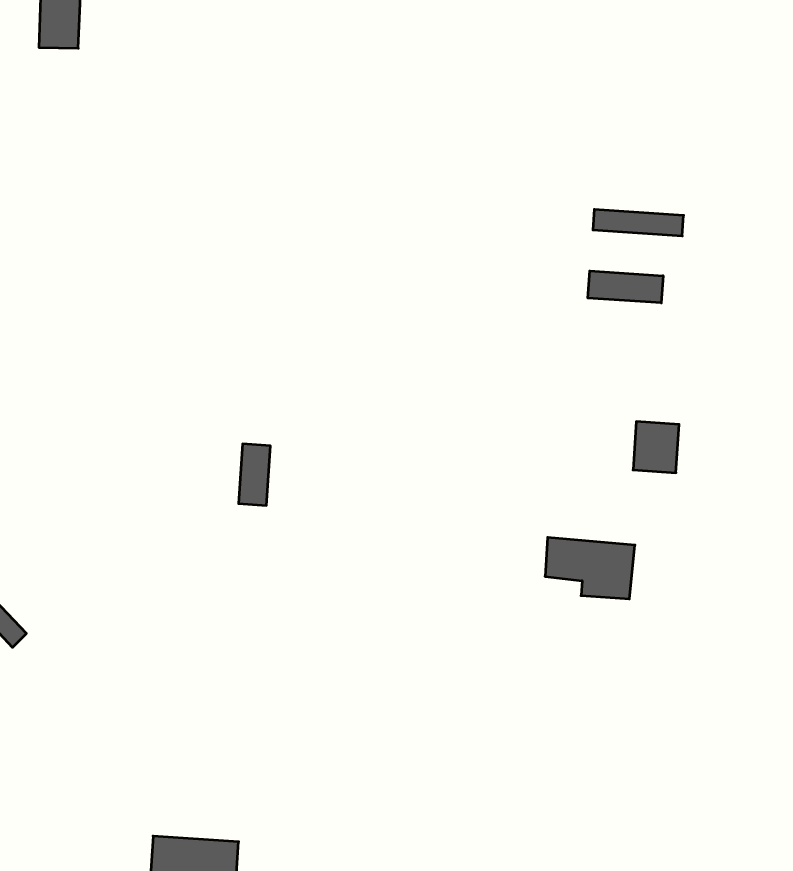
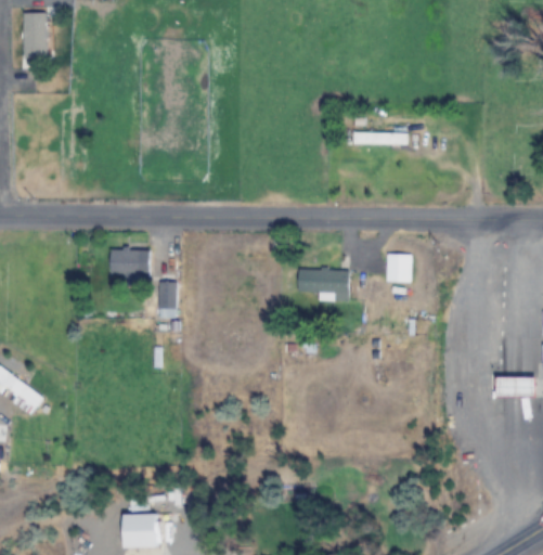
building: [588,271,663,303] -> none
building: none -> [109,248,140,274]
building: [545,537,635,599] -> [297,268,348,300]

